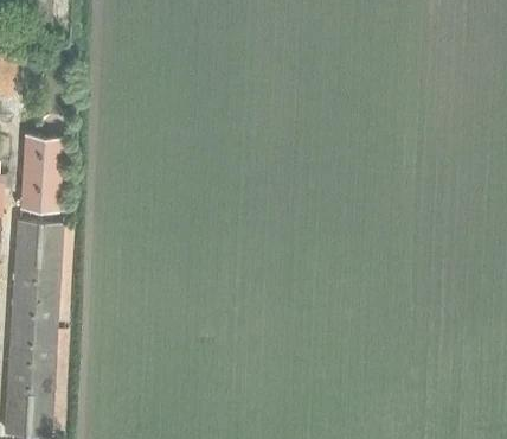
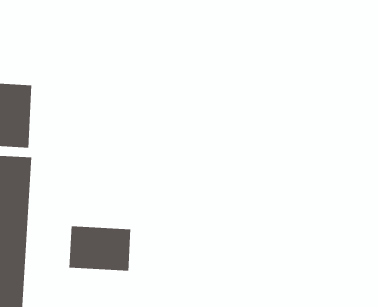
building: none -> [69,225,131,272]

